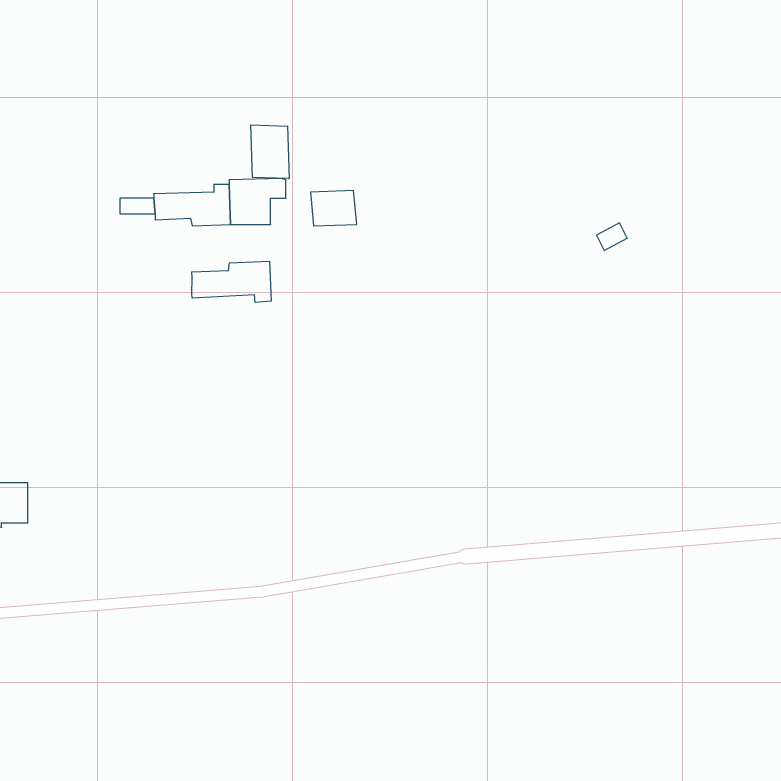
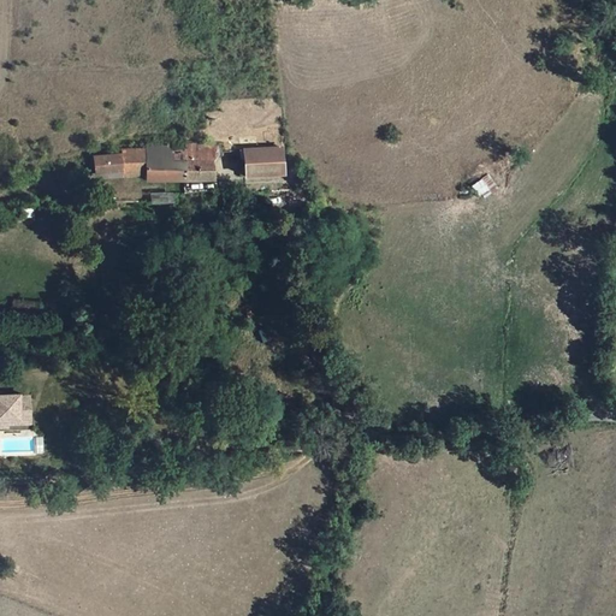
building: [251,125,289,179] -> none
building: [192,261,271,302] -> none

